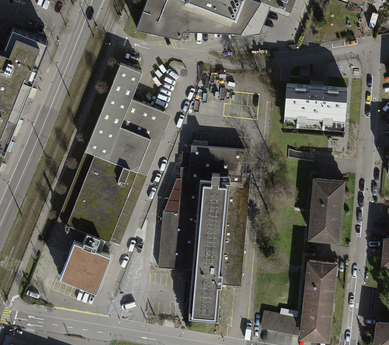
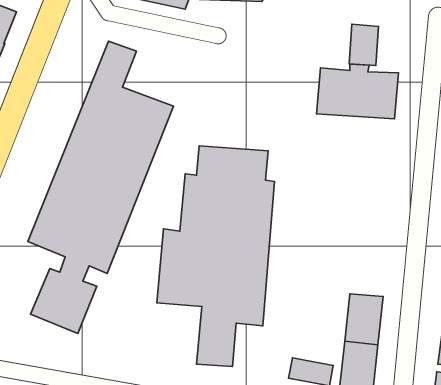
building: none -> [349,24,378,66]
building: [310,179,342,238] -> none

